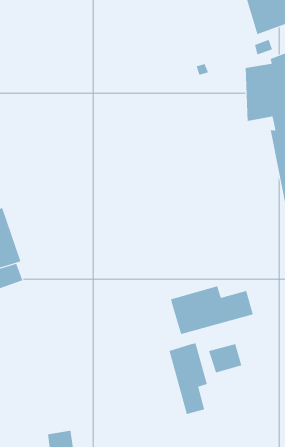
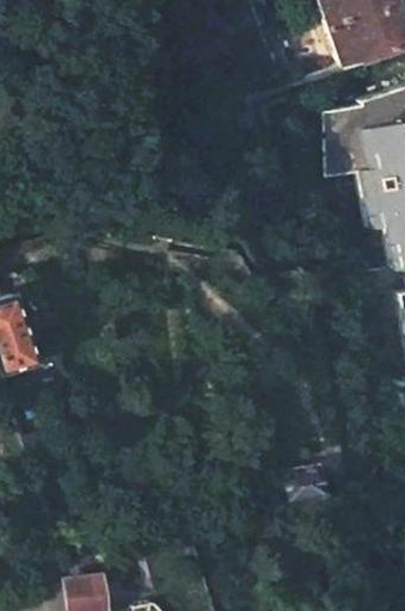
building: [170,286,254,335] -> none
building: [169,342,208,415] -> none

